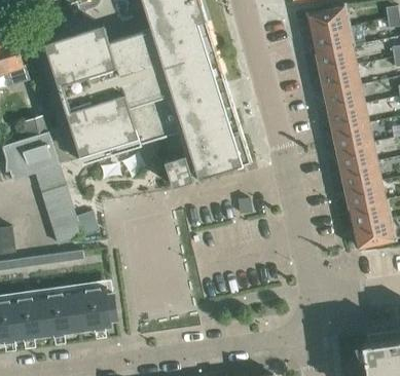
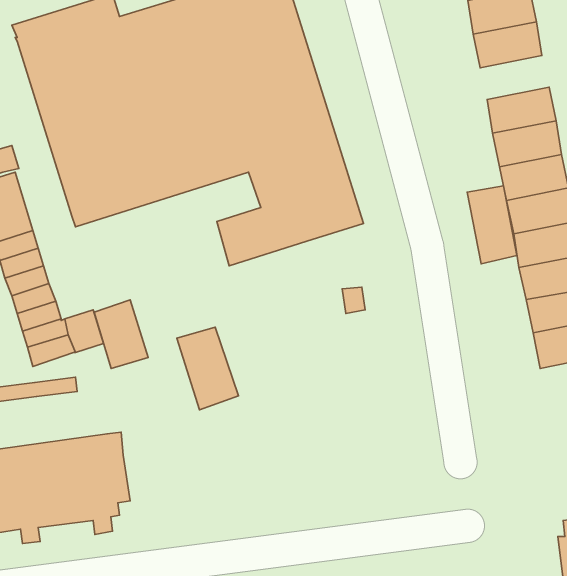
building: [318,63,358,88] -> none
building: none -> [467,186,517,264]
building: none -> [94,300,148,368]
building: none -> [177,327,239,410]

